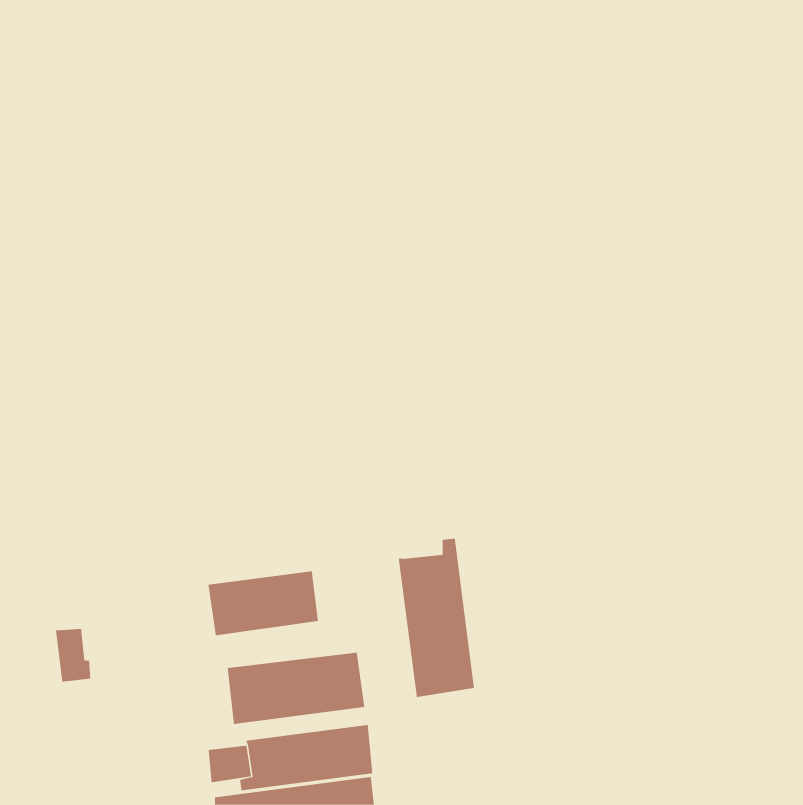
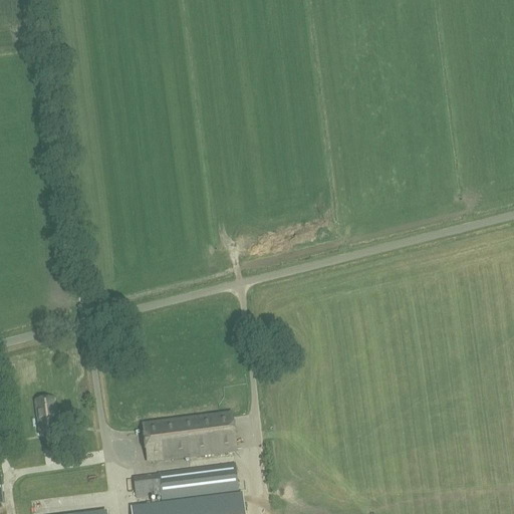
building: [398,538,475,698] -> none
building: [208,570,318,636] -> none

